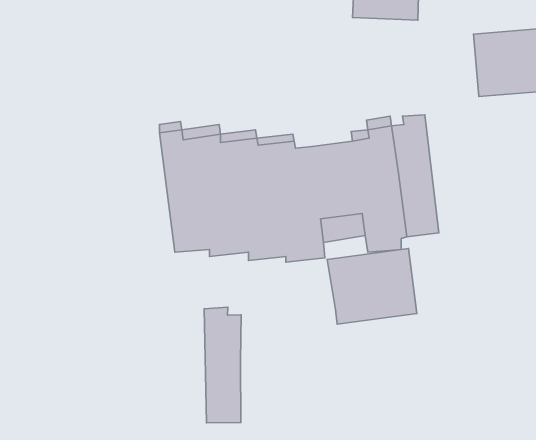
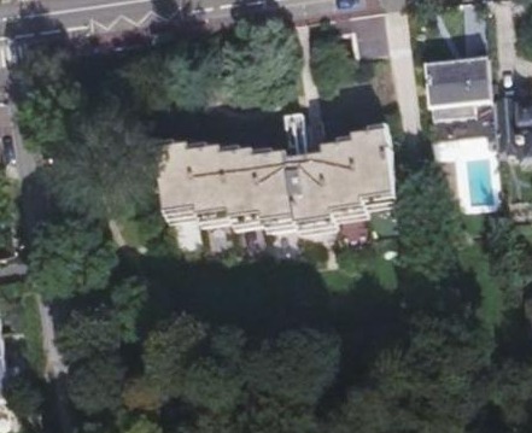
building: [327,249,417,324] -> none
building: [204,307,241,423] -> none

